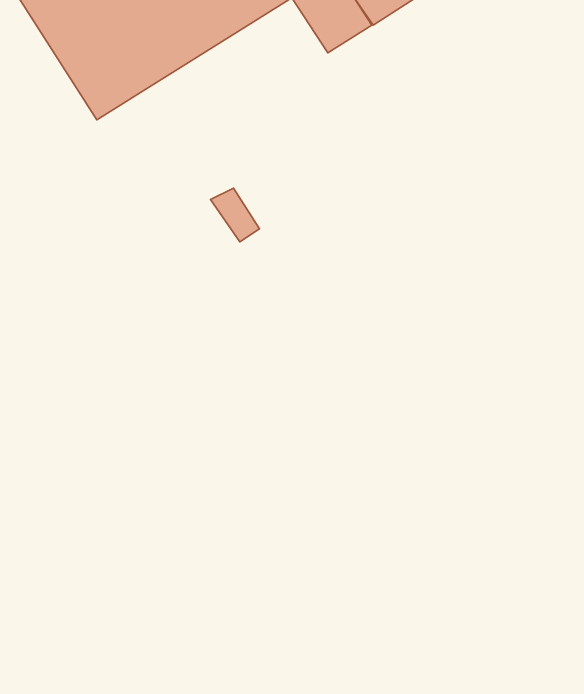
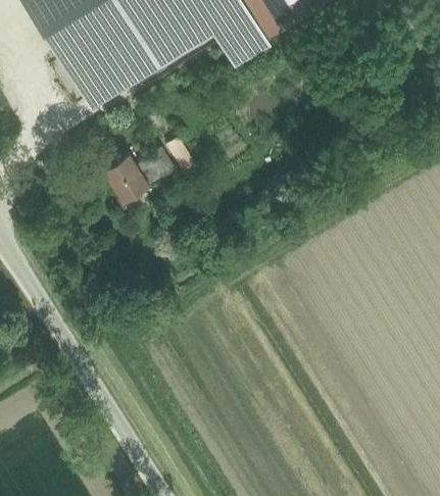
building: none -> [103,149,175,202]

